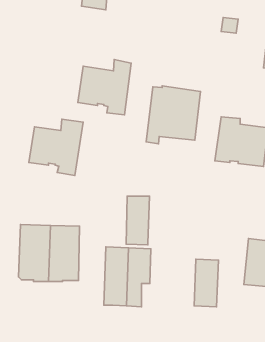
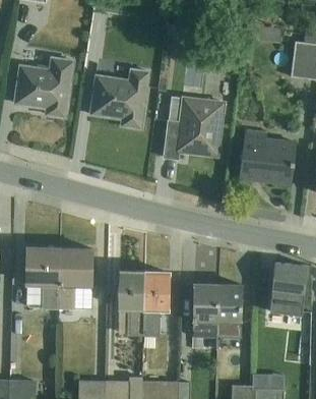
building: [29,119,83,175] -> [14,56,73,117]
building: [126,196,150,245] -> [192,284,217,337]

